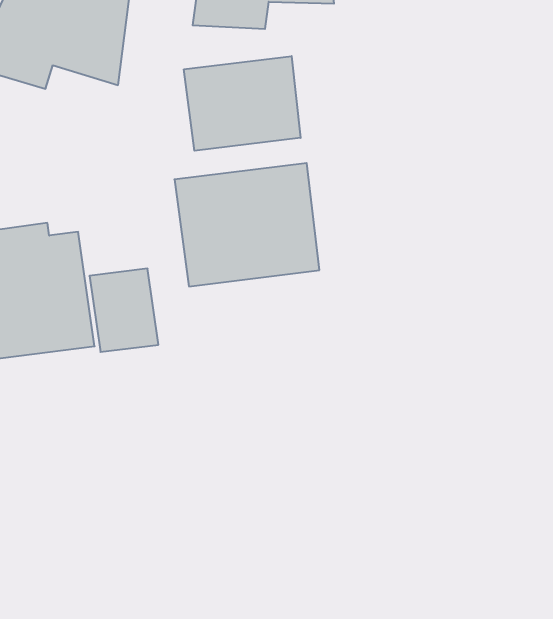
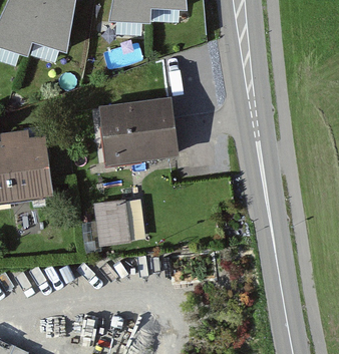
building: [184,56,301,151] -> none
building: [89,269,158,352] -> [92,200,130,246]

